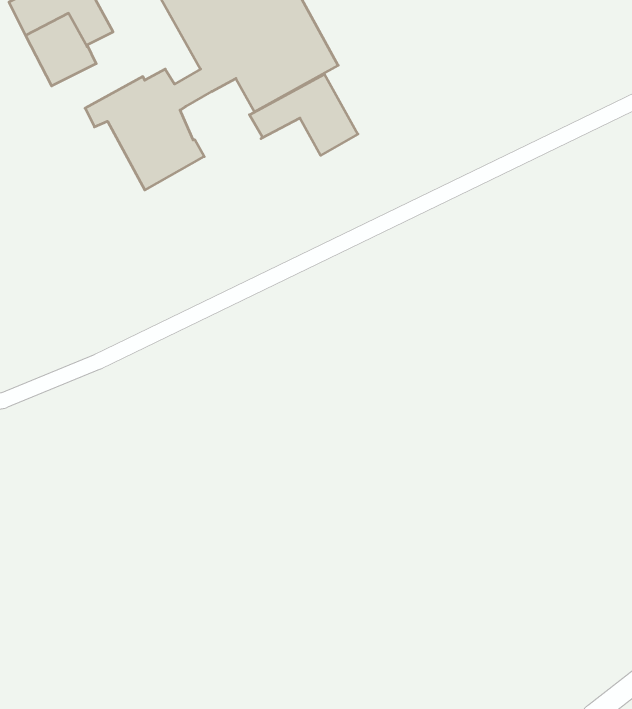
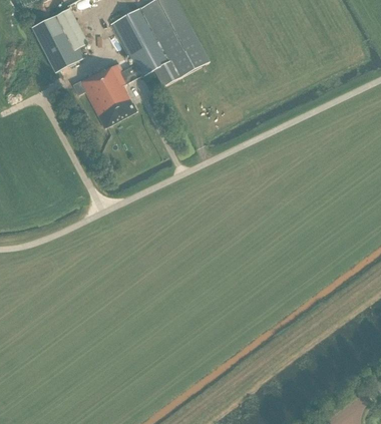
building: [249,74,358,155] -> none

